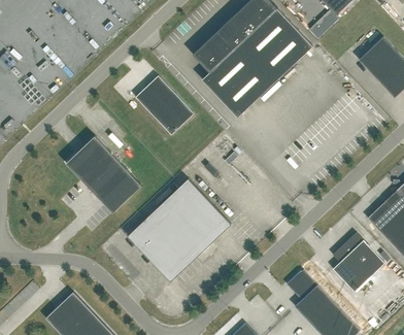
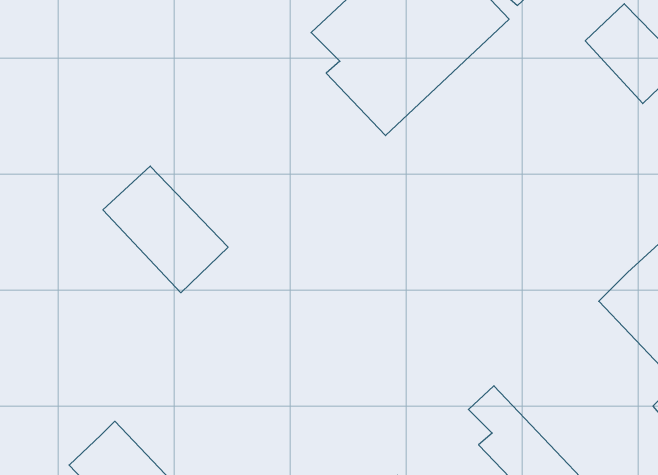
building: [135,75,194,134] -> none
building: [127,177,231,280] -> none
building: [332,232,384,291] -> none

